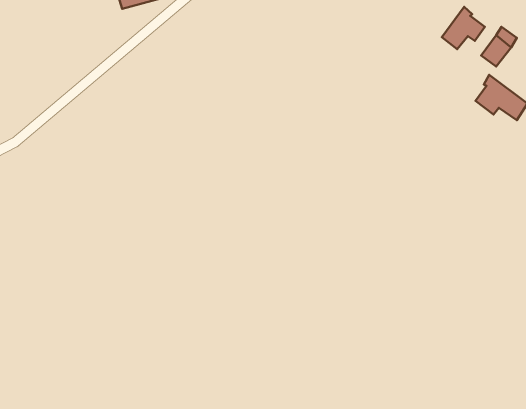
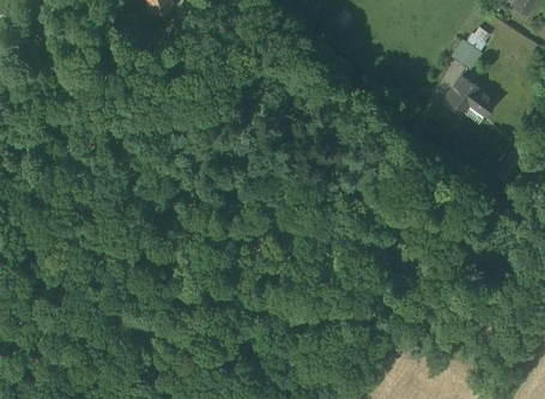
building: [442,7,485,49] -> none

